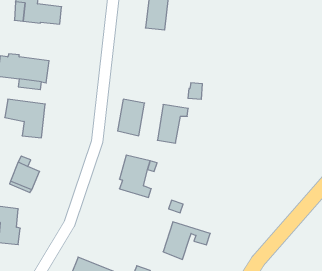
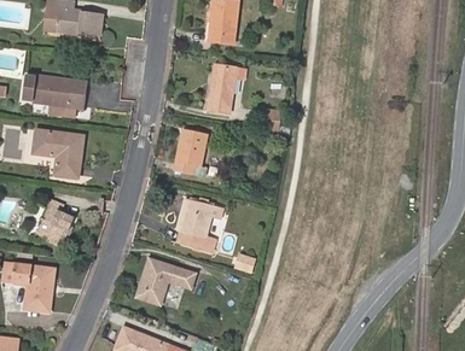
building: [157,105,188,143] -> [208,64,246,112]
building: [163,222,210,259] -> [136,258,196,305]

